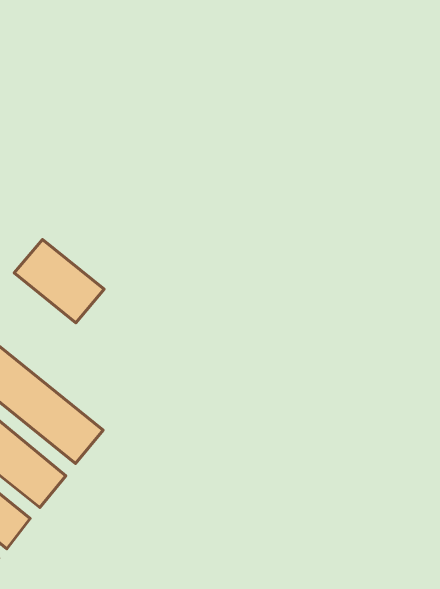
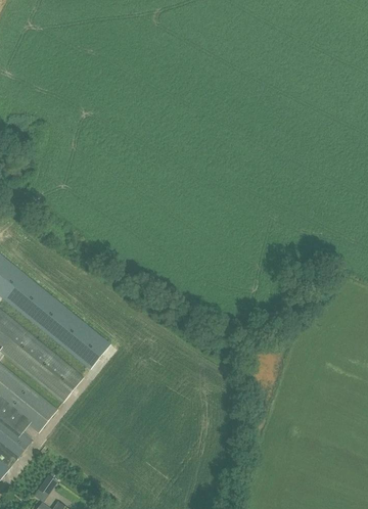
building: [14,239,104,323] -> none

